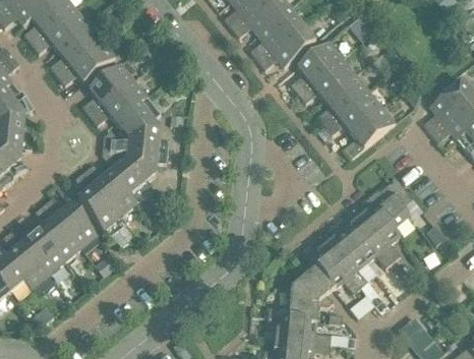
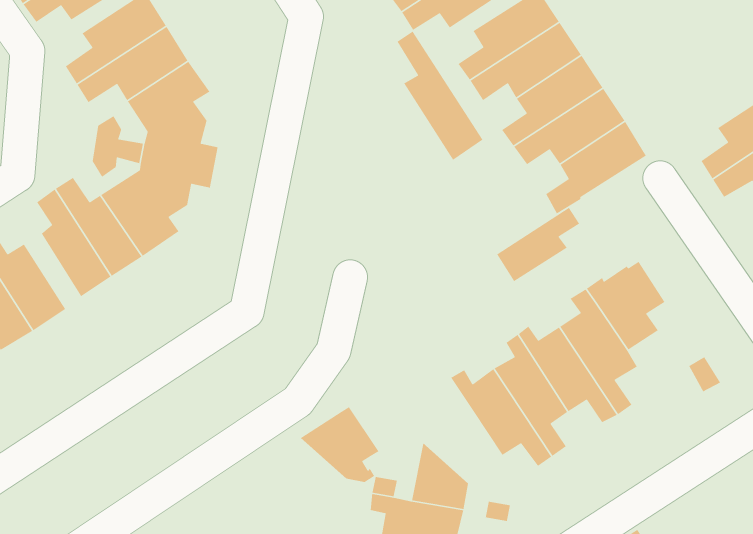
building: none -> [396,31,484,161]
building: none -> [496,207,580,282]
building: [291,267,334,307] -> [300,406,379,483]

